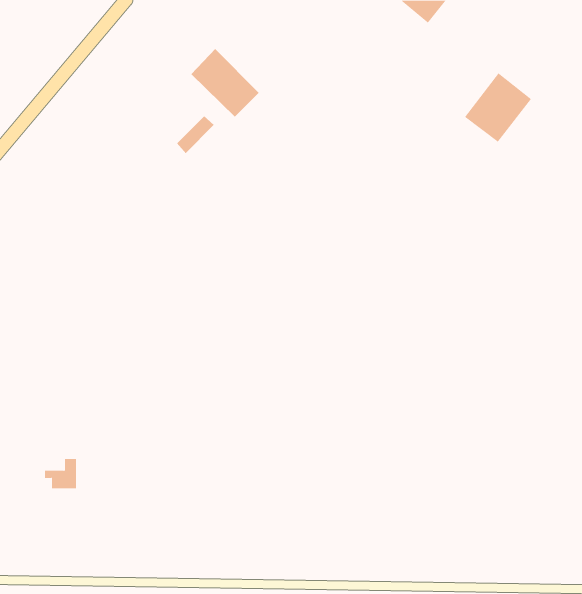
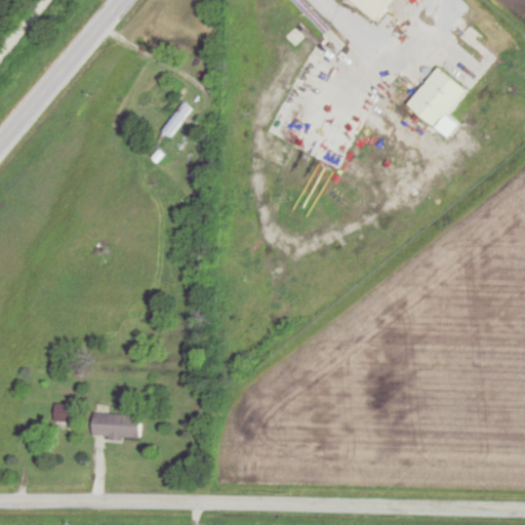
building: [190,48,260,118] -> none
building: none -> [88,414,140,440]

